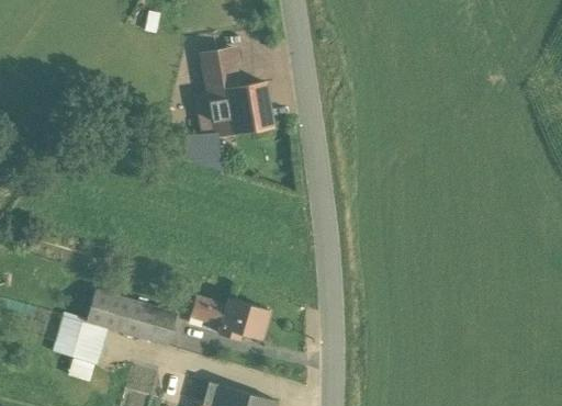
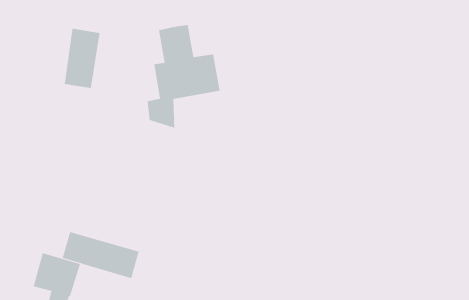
building: none -> [64,28,100,89]
building: [189,297,268,340] -> none

